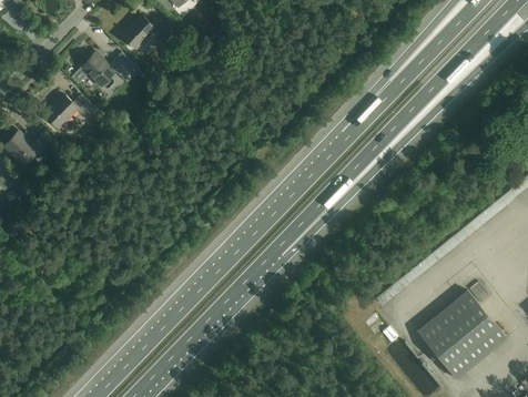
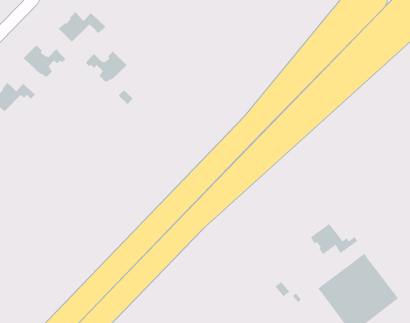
building: none -> [85,51,128,82]
building: none -> [310,223,358,255]

